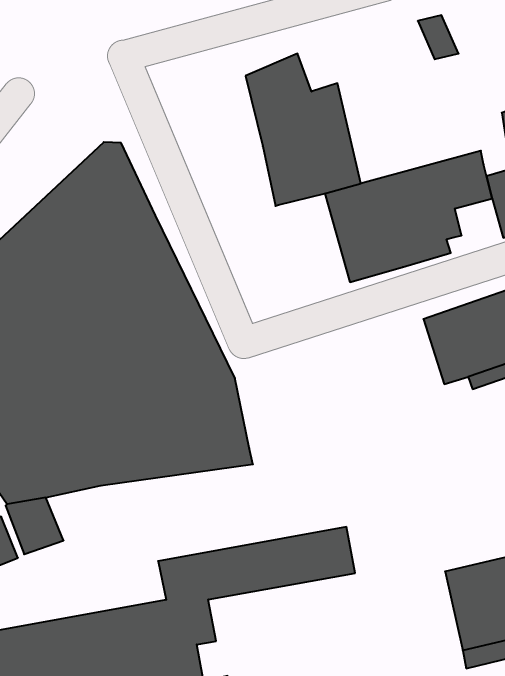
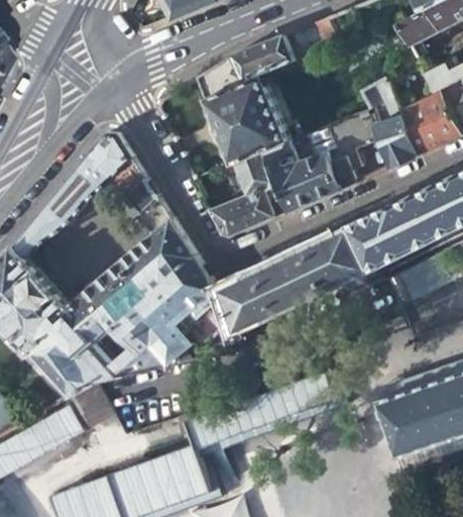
building: none -> [231,35,295,82]
building: none -> [209,151,287,236]
building: none -> [216,230,362,335]

